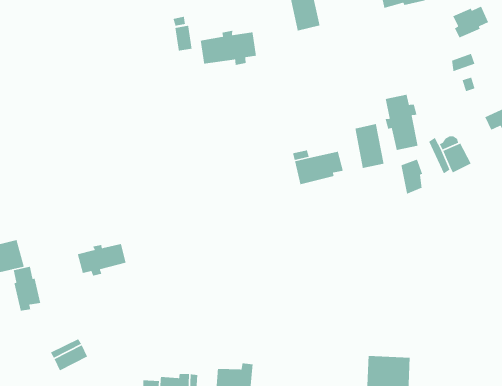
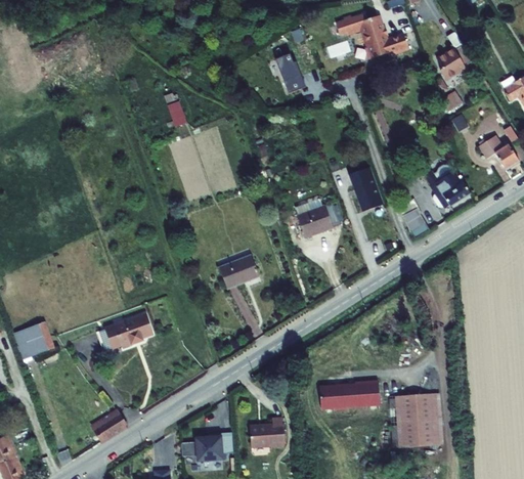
building: [200,30,257,66] -> none
building: [385,94,418,151] -> none
building: none -> [220,258,260,291]
building: [13,266,41,312] -> none
building: none -> [317,377,377,404]

